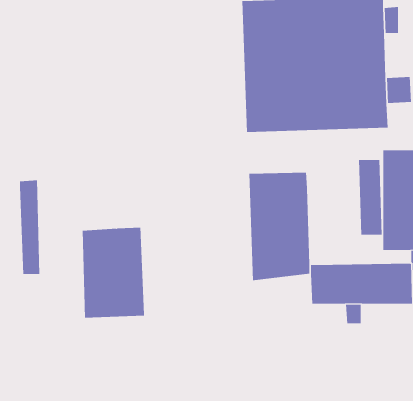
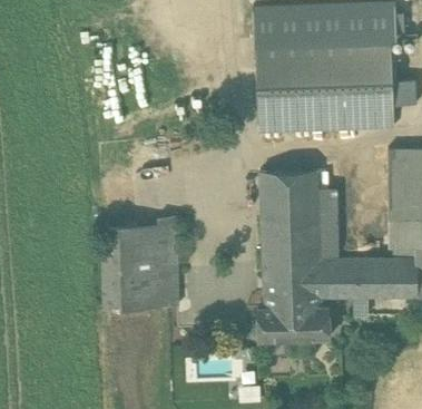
building: [358,159,383,235] -> [317,186,341,259]
building: [19,180,40,274] -> [158,216,178,306]
building: none -> [257,267,330,341]

